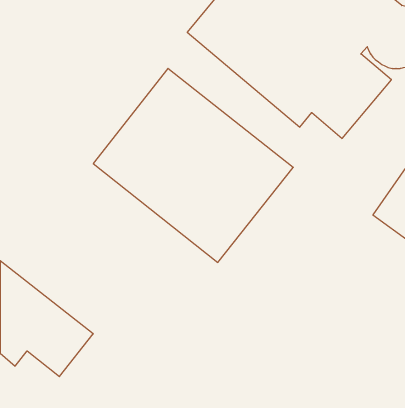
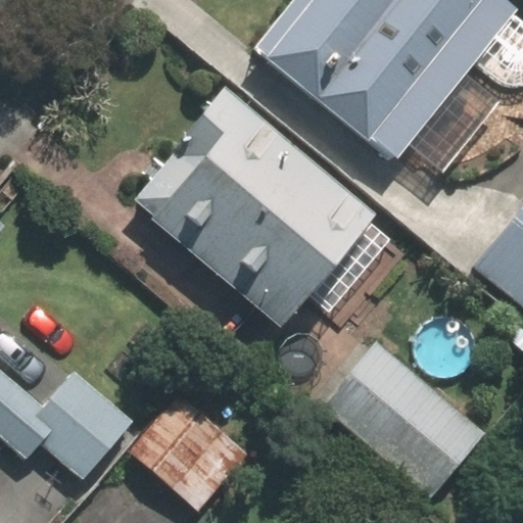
building: none -> [318,334,489,500]
building: none -> [137,396,252,510]

